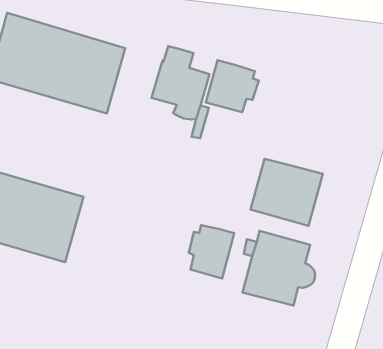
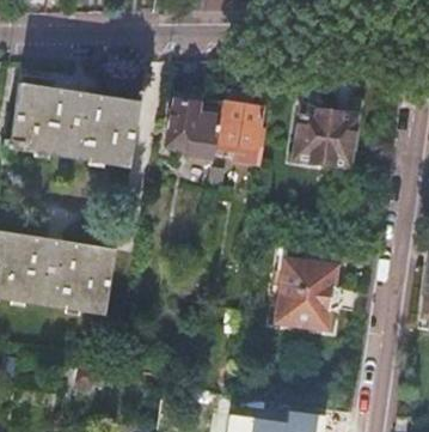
building: [251,159,323,226] -> [293,109,357,168]
building: [189,225,234,279] -> none

